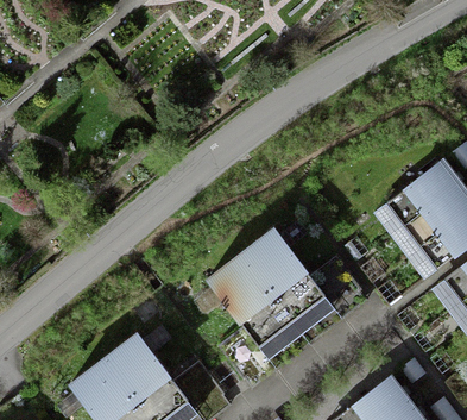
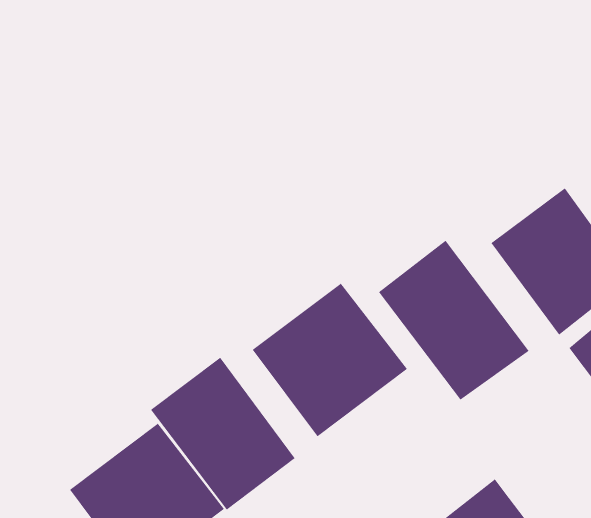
building: none -> [378,240,529,401]
building: none -> [150,357,295,511]

